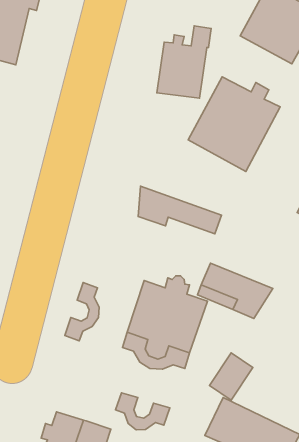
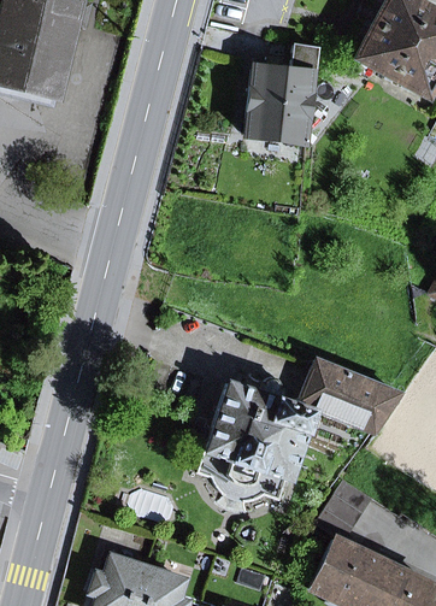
building: [188,77,280,171] -> none
building: [138,186,221,234] -> none
building: [65,282,99,341] -> none
building: [116,393,170,430] -> none

